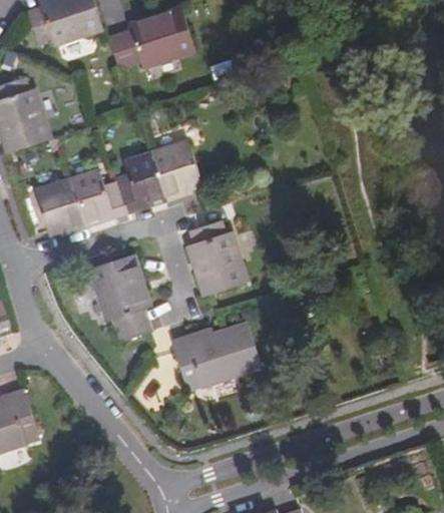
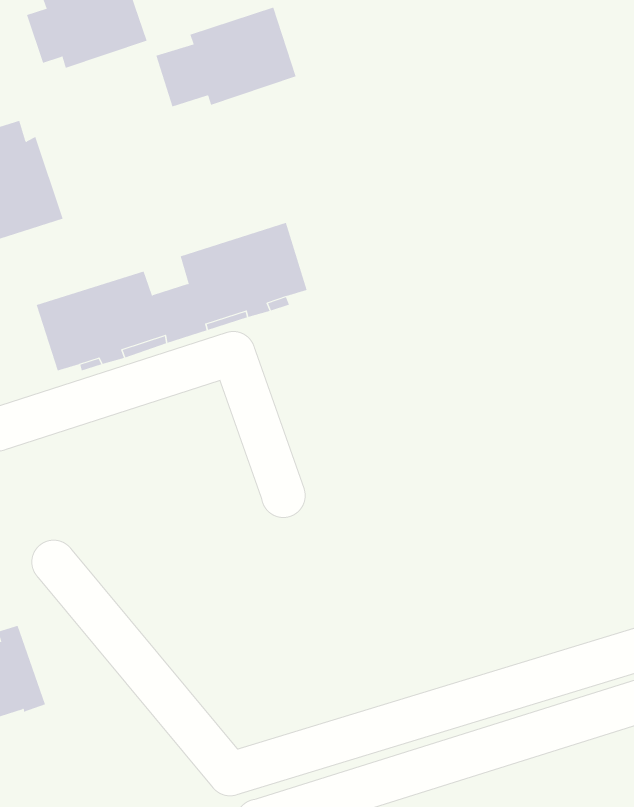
building: [186,220,247,297] -> none
building: [89,253,151,341] -> none
building: [172,325,262,390] -> none

